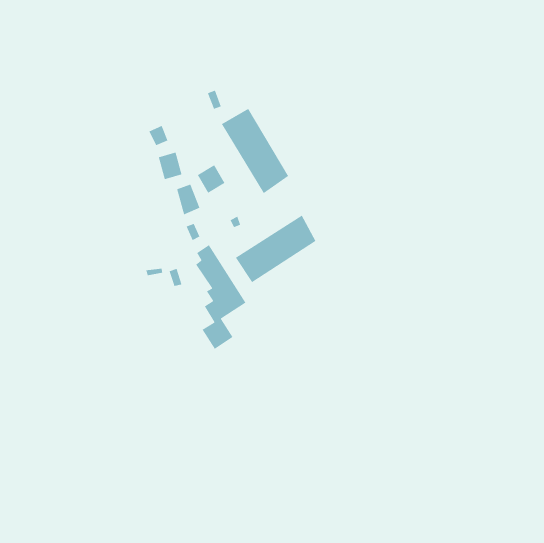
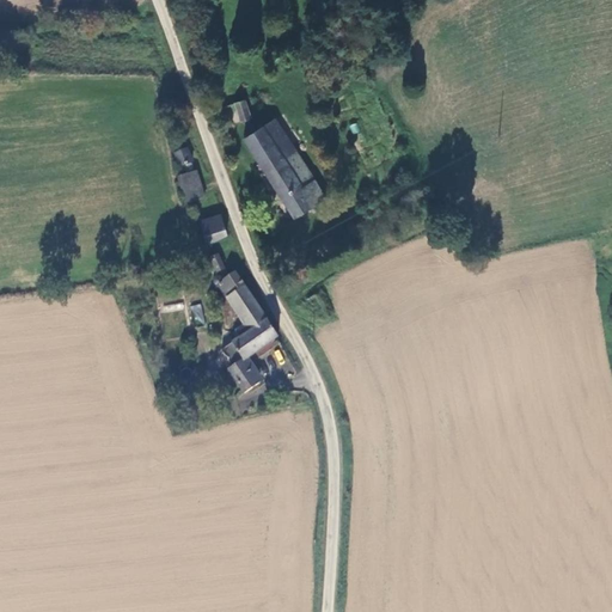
building: [197,164,226,194] -> none
building: [235,214,317,283] -> none

